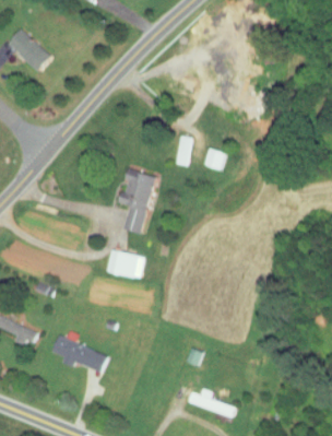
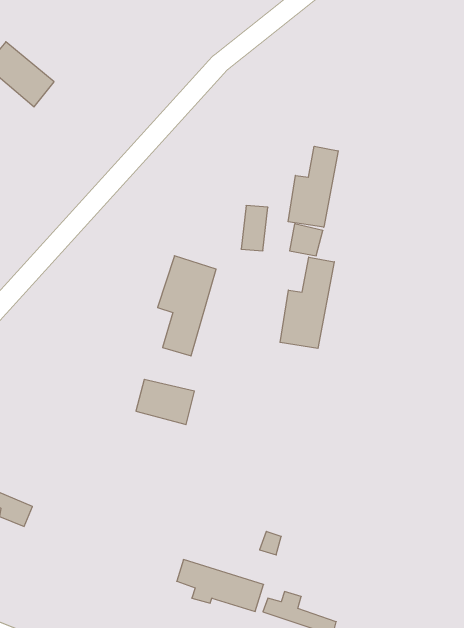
building: none -> [288,146,338,227]
building: none -> [280,257,334,348]
building: [51,338,108,372] -> [177,560,264,611]

